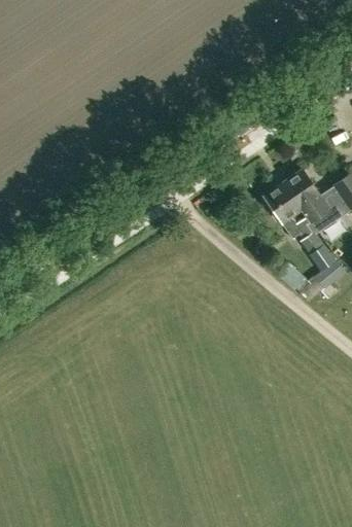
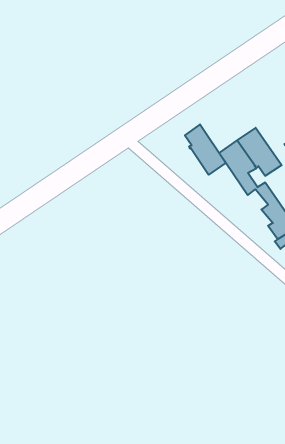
building: none -> [185,124,226,175]

